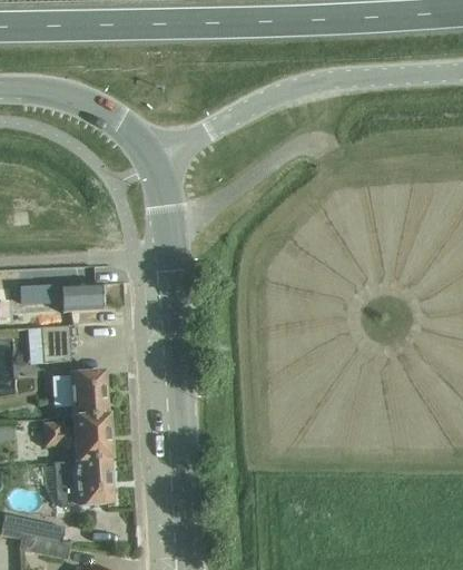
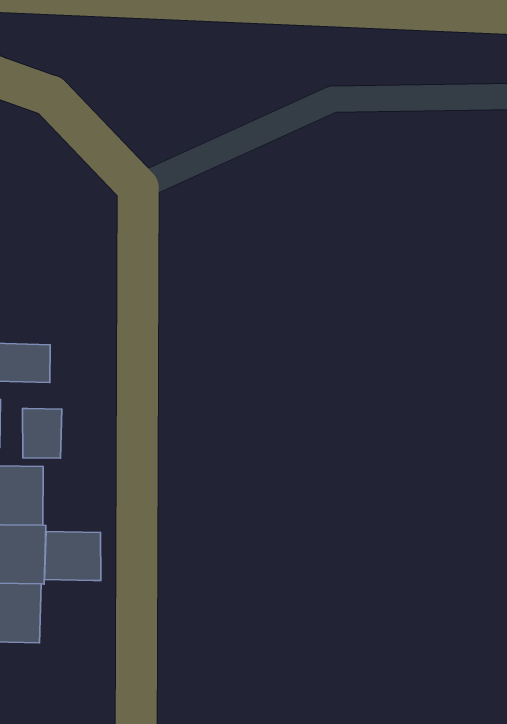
building: none -> [23,408,62,458]
building: none -> [44,531,101,581]

